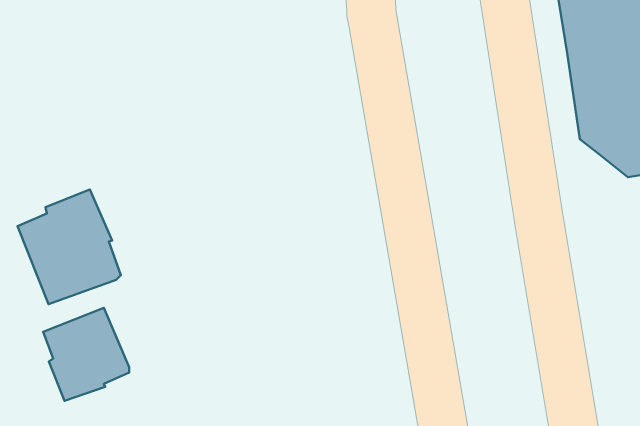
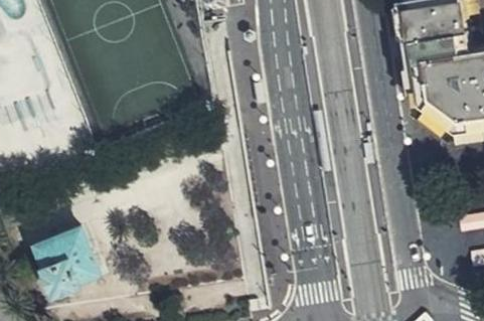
building: [17,189,121,304] -> none

